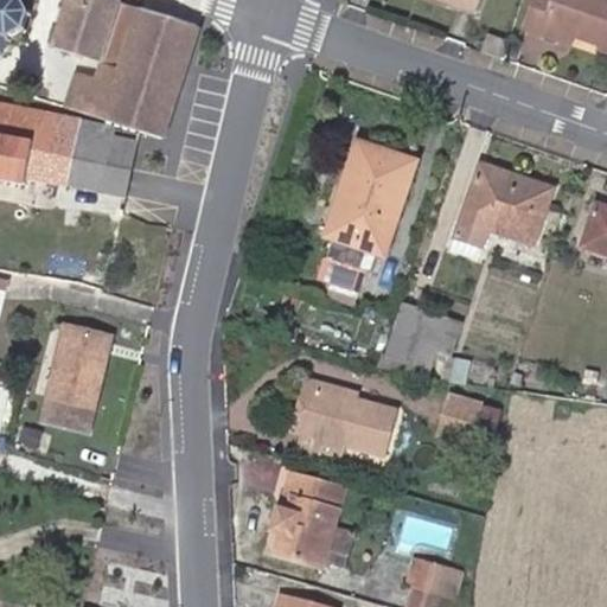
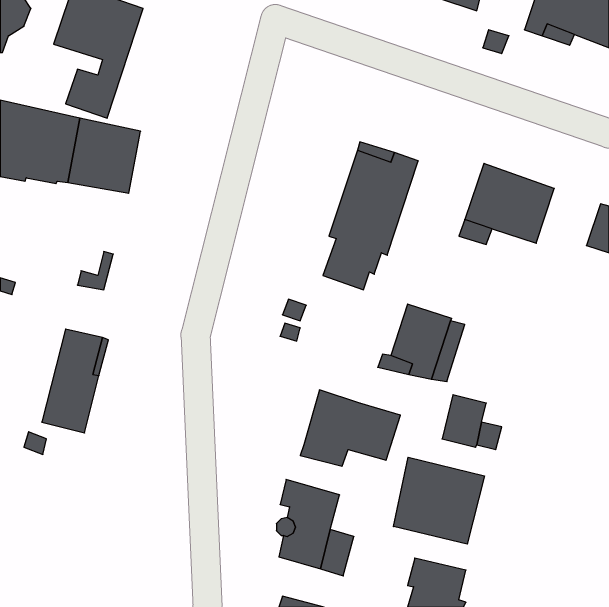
building: [107,8,197,135] -> none
building: [289,378,360,442] -> none
building: none -> [393,457,484,544]

